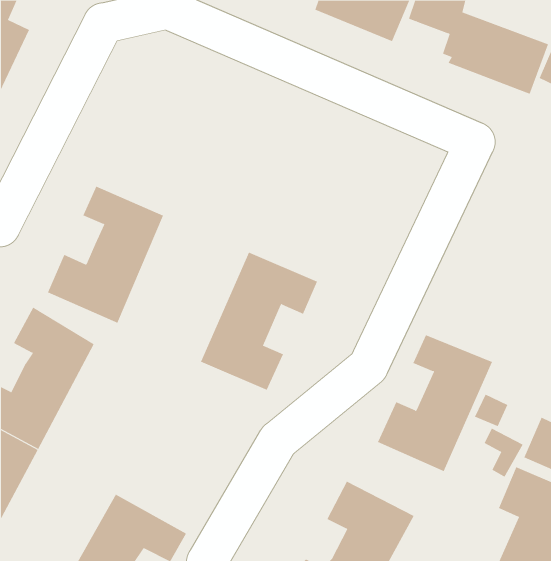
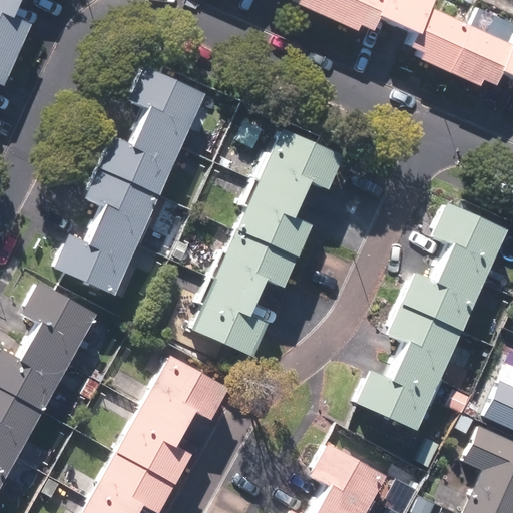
building: none -> [97,68,203,197]
building: none -> [236,127,345,258]
building: none -> [398,202,504,331]
building: none -> [115,354,233,487]

